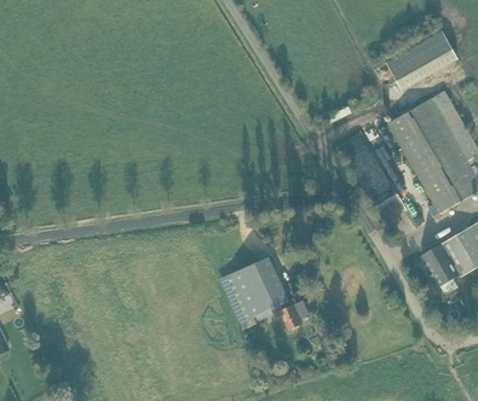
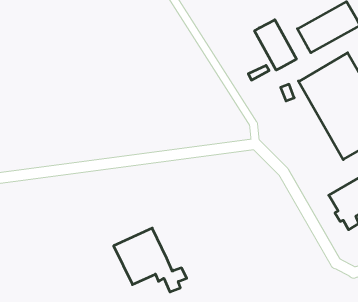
building: none -> [255,20,296,70]
building: [223,255,307,329] -> [114,228,187,292]

